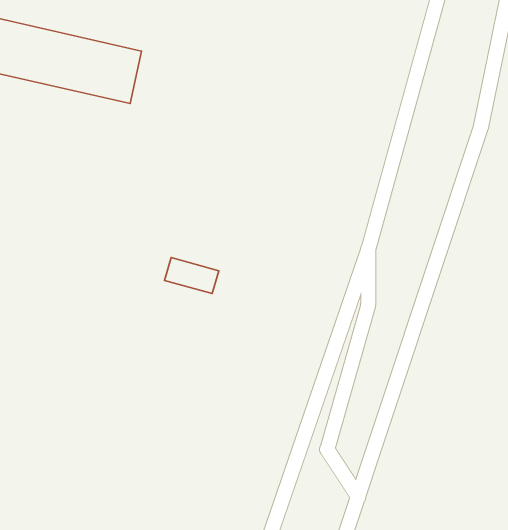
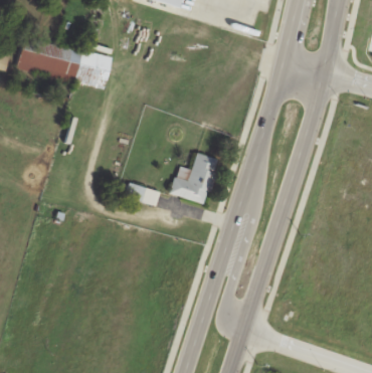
building: none -> [171,153,217,204]

